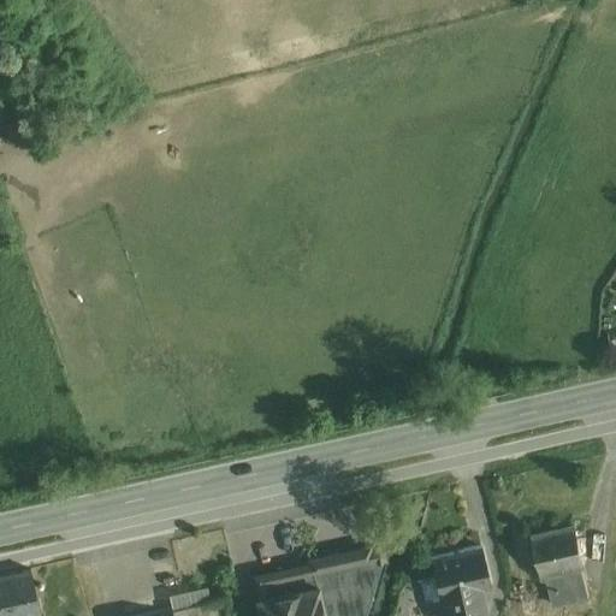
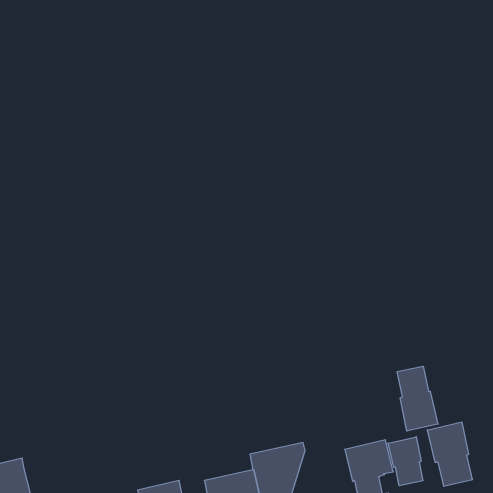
building: none -> [397,366,438,431]
building: none -> [388,437,423,486]
building: [250,567,314,599] -> none

